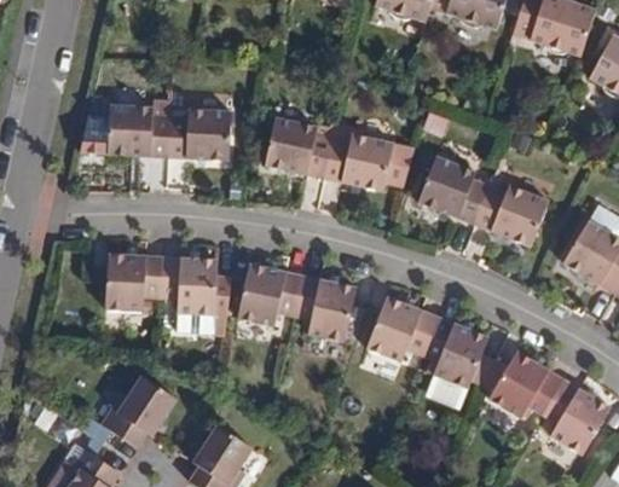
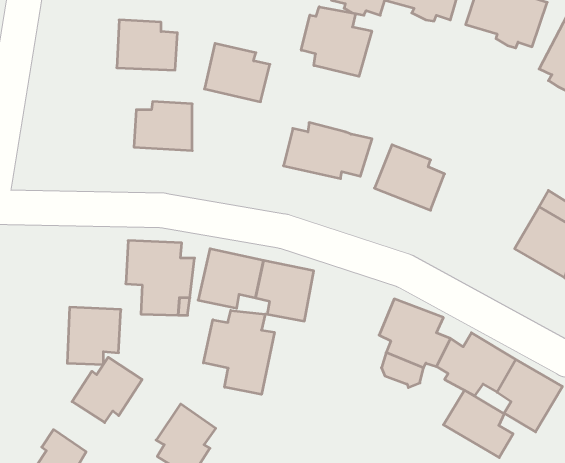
building: none -> [301,7,372,76]
building: [108,106,170,158] -> [117,20,177,70]
building: [265,117,332,178] -> [204,43,270,102]
building: [475,185,546,245] -> none
building: [106,253,162,312] -> [67,307,121,364]
building: [366,295,438,361] -> none
building: none -> [203,310,274,394]
building: none -> [443,390,513,458]

